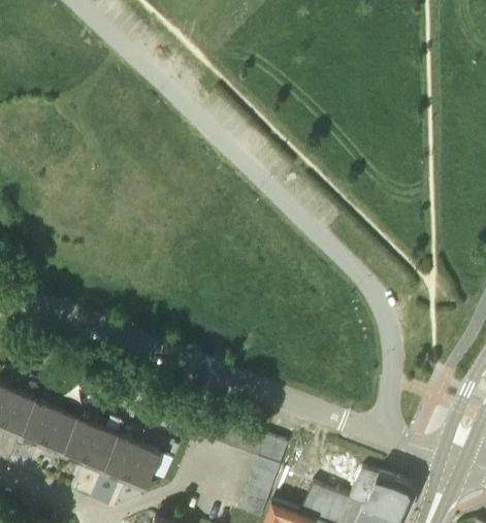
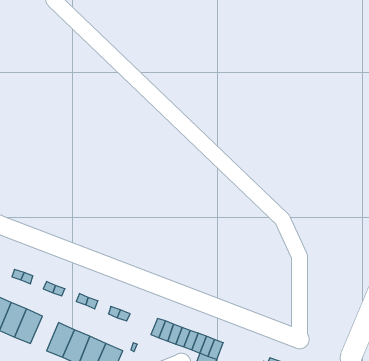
building: [43,412,79,456] -> none

